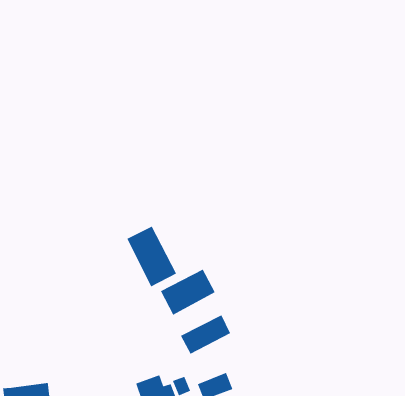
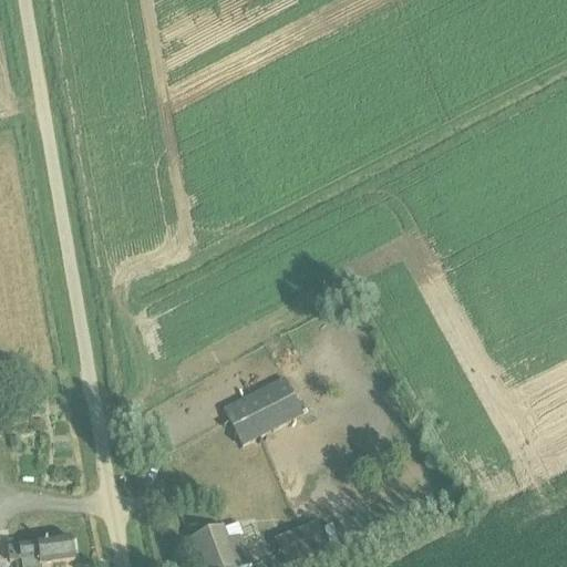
building: [126,225,177,287] -> none
building: [180,314,231,355] -> none

